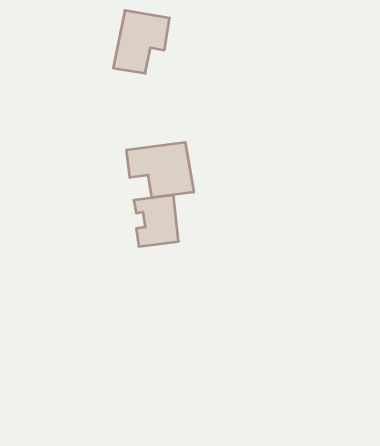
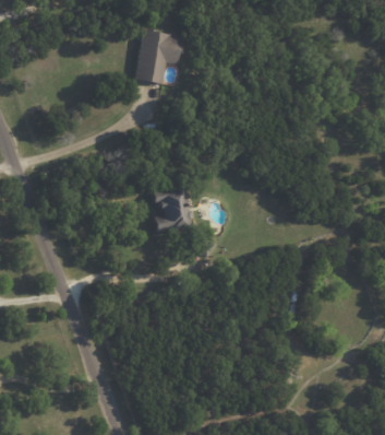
building: [127,142,194,197] -> none

